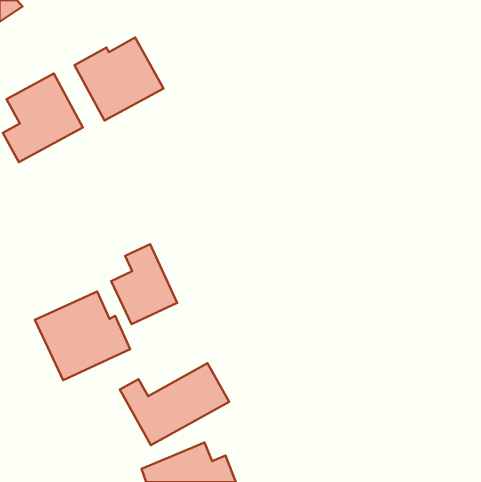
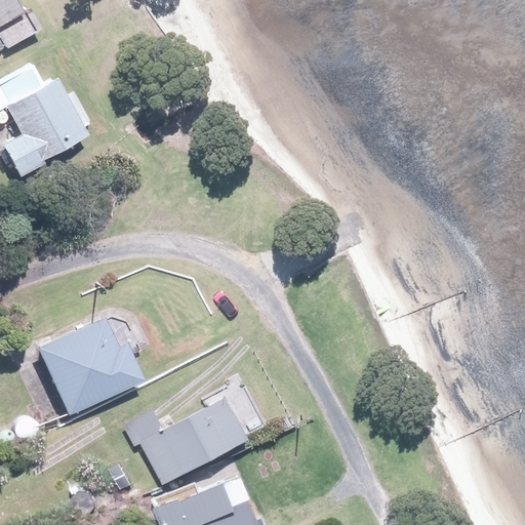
building: [74,38,164,121] -> none
building: [111,244,177,324] -> none

